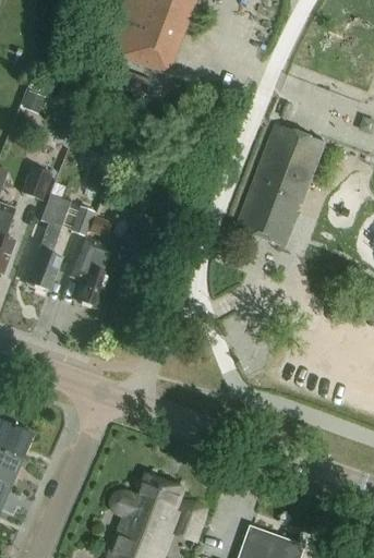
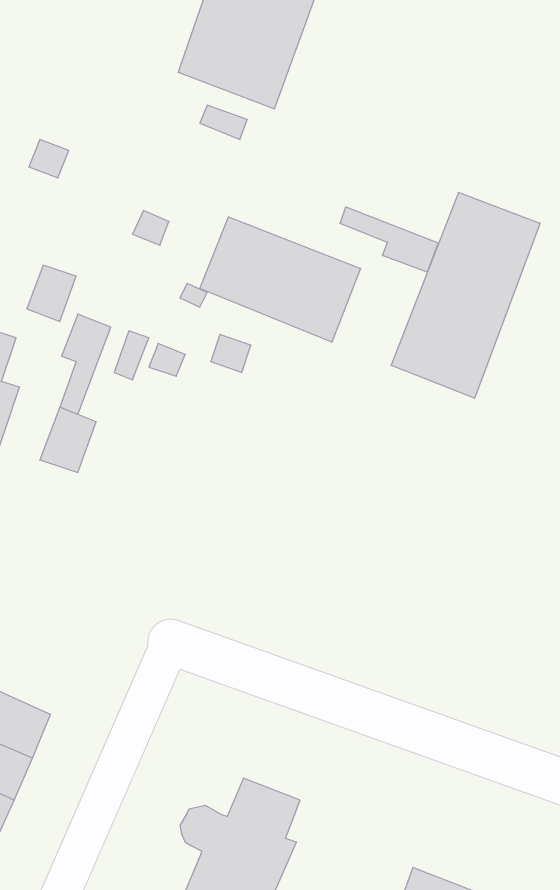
building: none -> [340,207,438,272]
building: none -> [200,217,361,342]
building: [69,239,109,308] -> none

